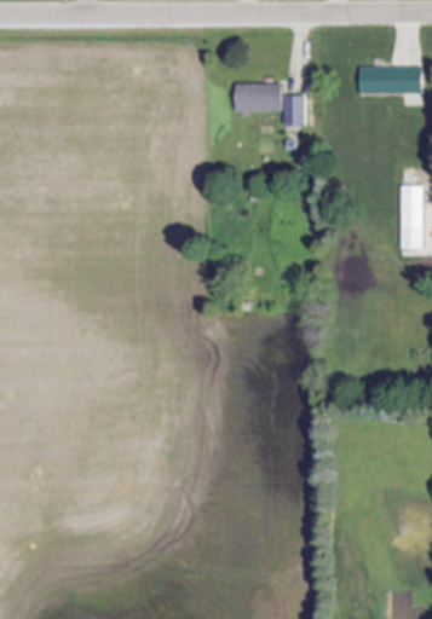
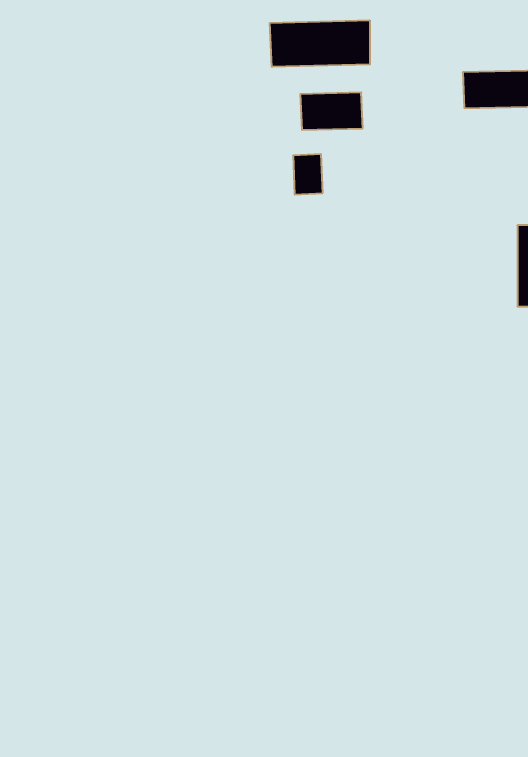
building: none -> [270,20,370,67]
building: [284,96,307,127] -> [293,154,323,195]

